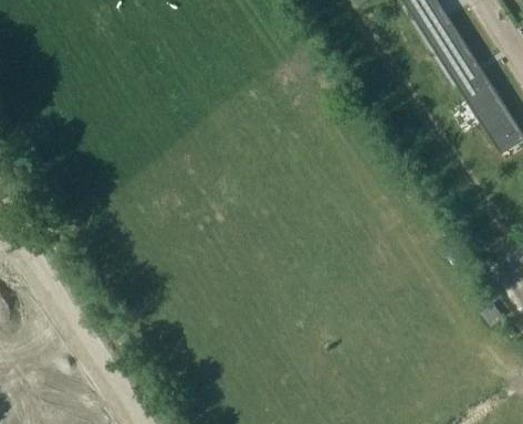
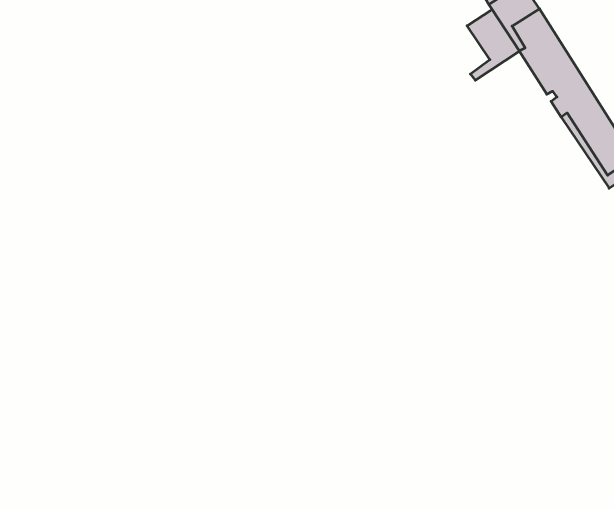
building: none -> [467,10,520,80]

